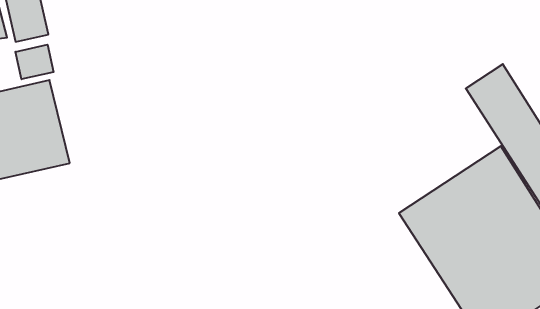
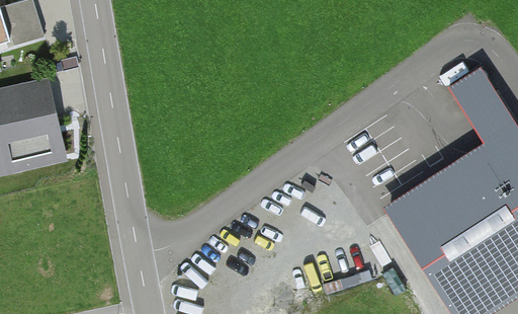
building: [15,45,54,79] -> none

